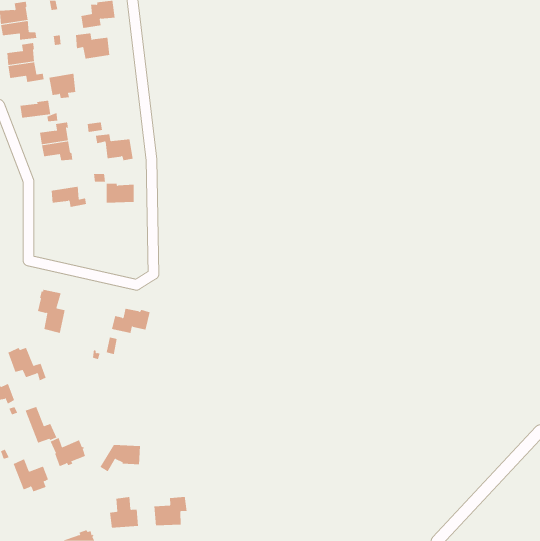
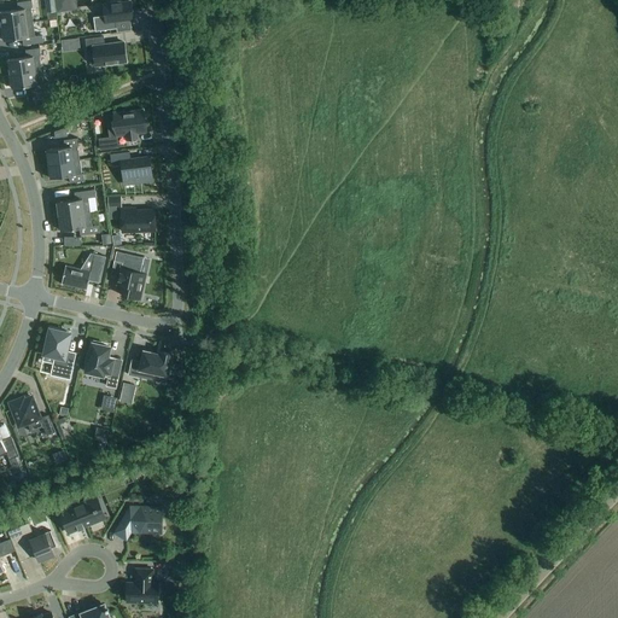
building: [49,73,76,99] -> [112,111,144,140]
building: [20,100,51,118] -> none
building: none -> [56,190,94,217]
building: none -> [113,252,144,301]
building: none -> [60,255,105,291]
building: none -> [84,342,118,389]
building: [25,406,57,444] -> none
building: [154,496,187,526] -> none

